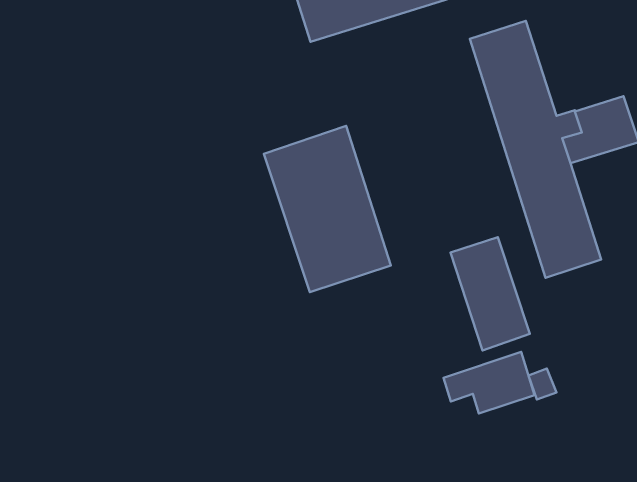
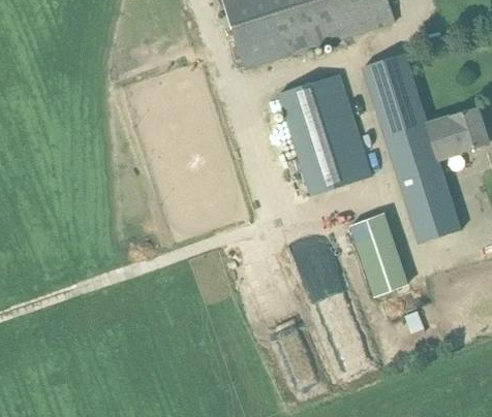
building: [264,126,391,292] -> [277,75,371,198]
building: [444,352,535,414] -> none

